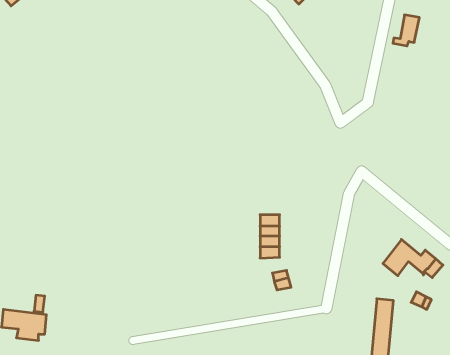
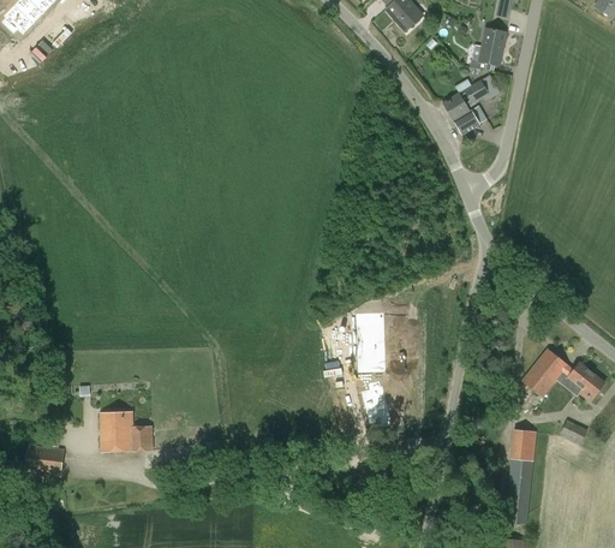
building: [393,15,419,46] -> [470,28,506,70]
building: none -> [443,79,488,133]
building: none -> [101,411,151,451]

